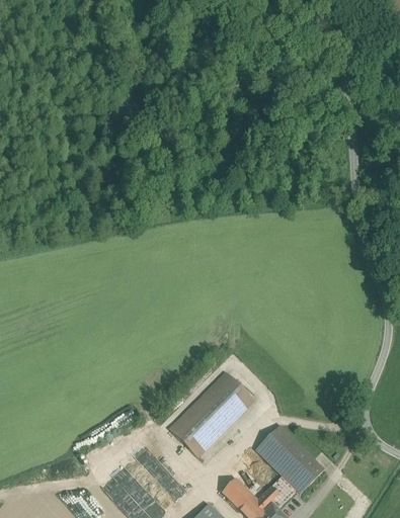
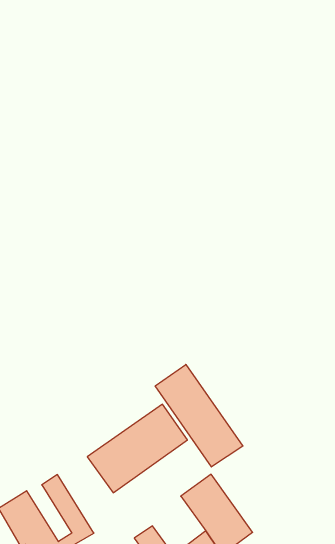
building: none -> [155,364,243,467]

